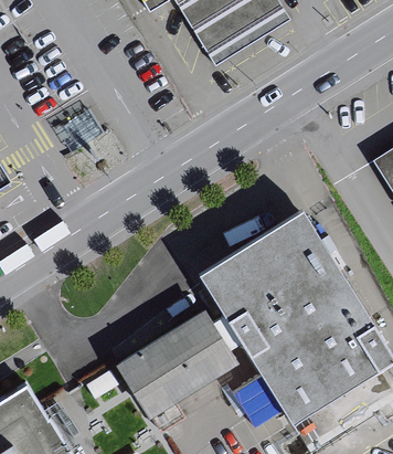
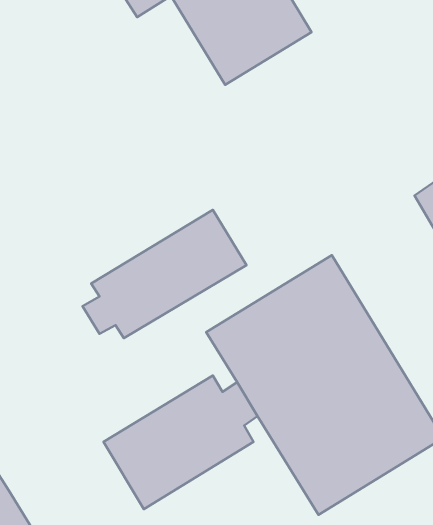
building: none -> [83,210,247,338]

